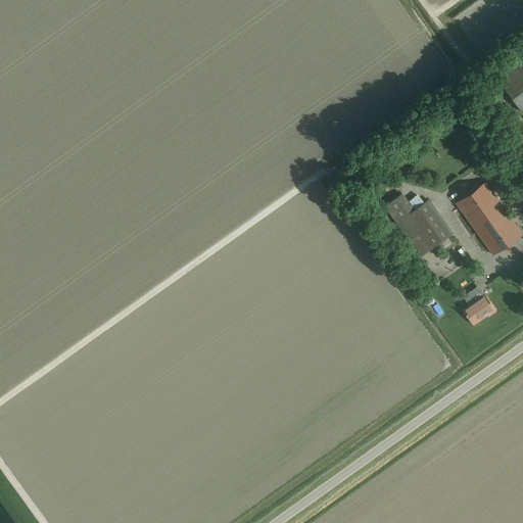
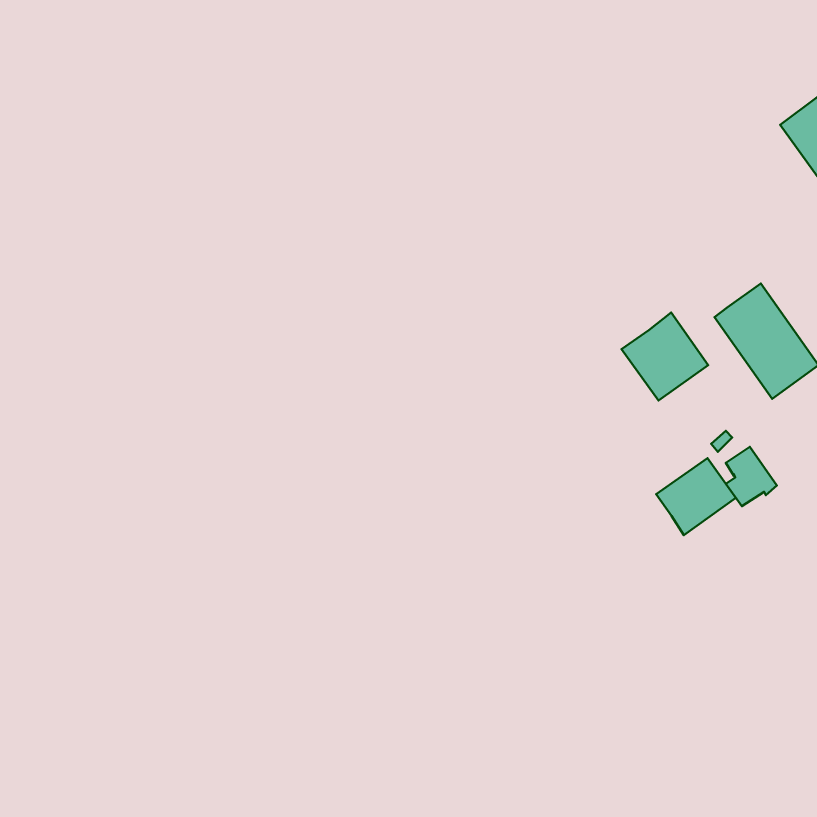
building: [385,194,415,224] -> none
building: none -> [656,458,736,535]

